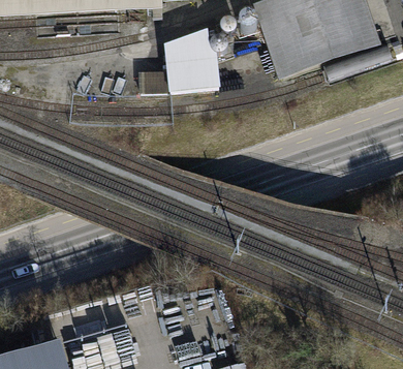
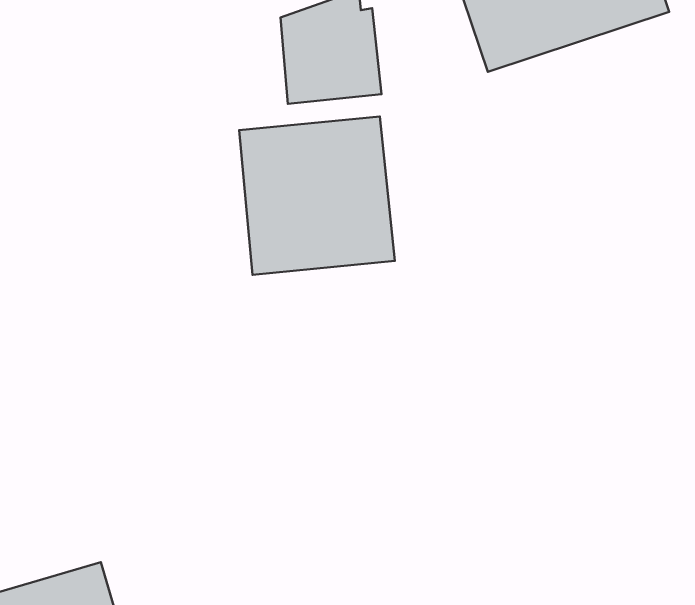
building: none -> [239,117,395,275]

